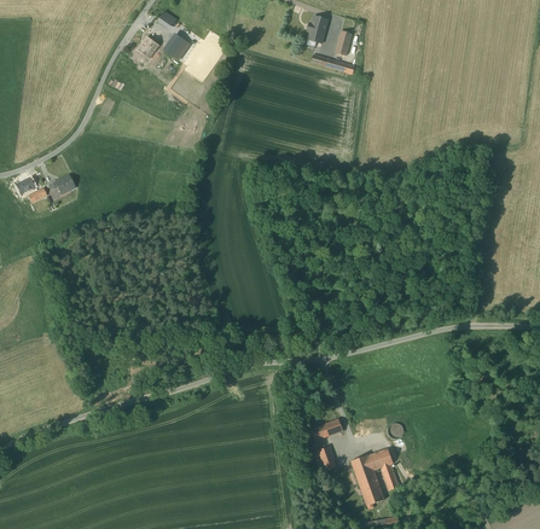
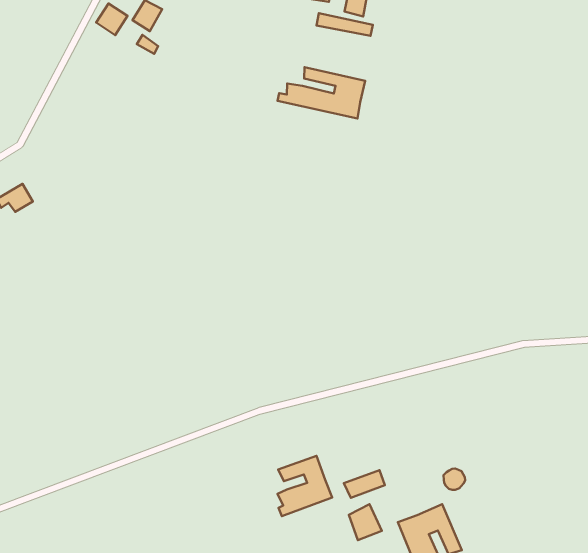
building: none -> [277,67,365,118]
building: none -> [278,456,332,516]

